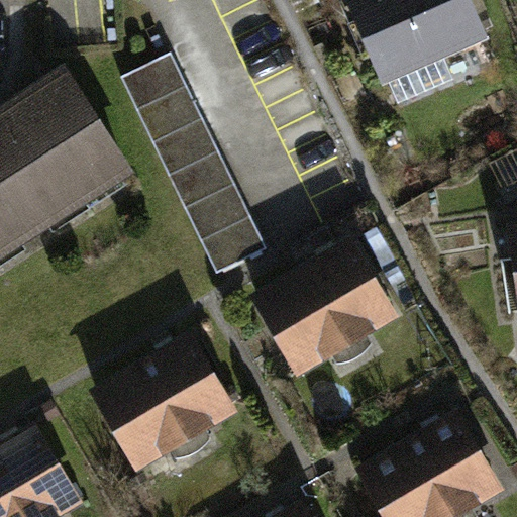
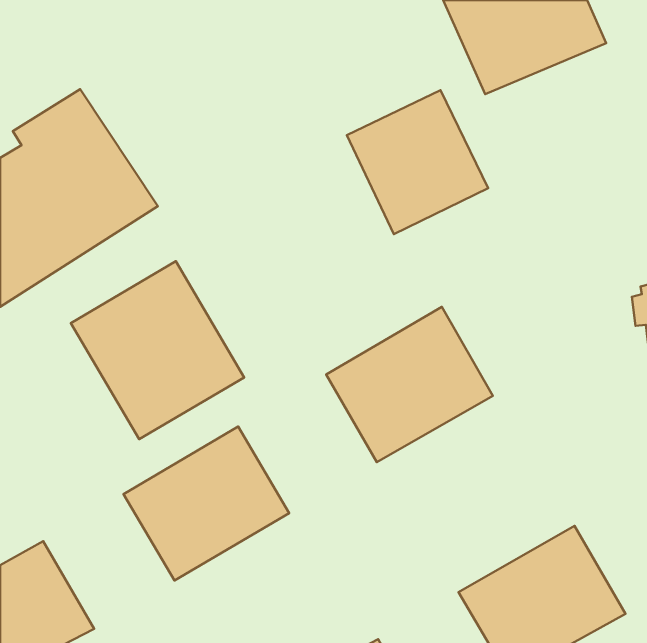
building: [123,58,270,279] -> none
building: none -> [347,90,488,234]
building: none -> [71,261,244,439]

